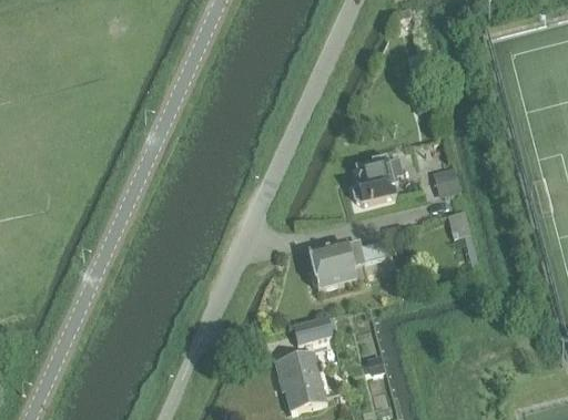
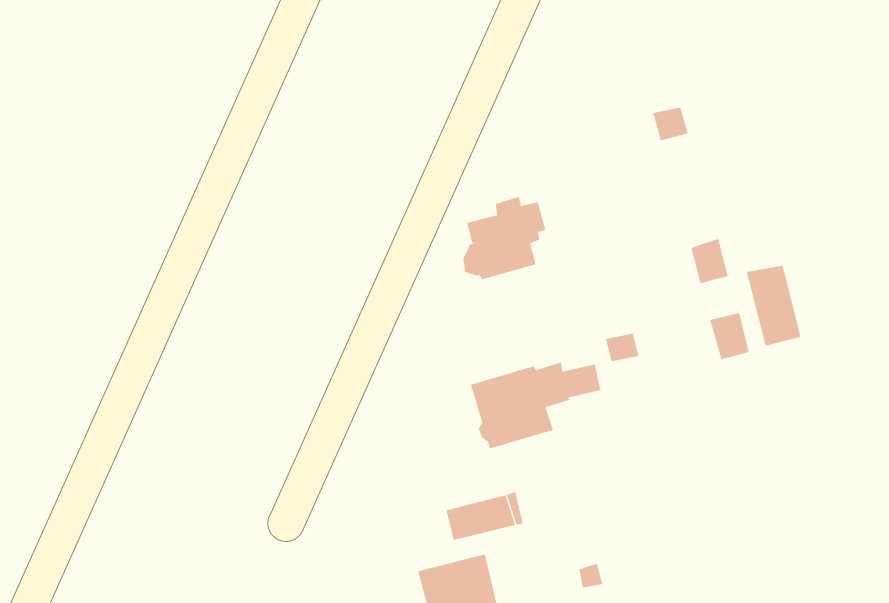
building: [353,154,402,203] -> [462,196,546,280]
building: none -> [746,265,801,346]

